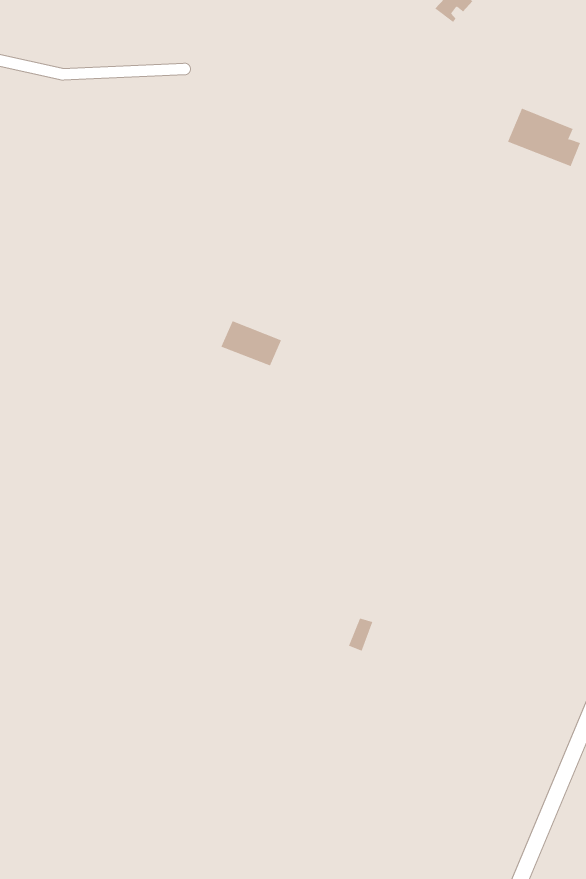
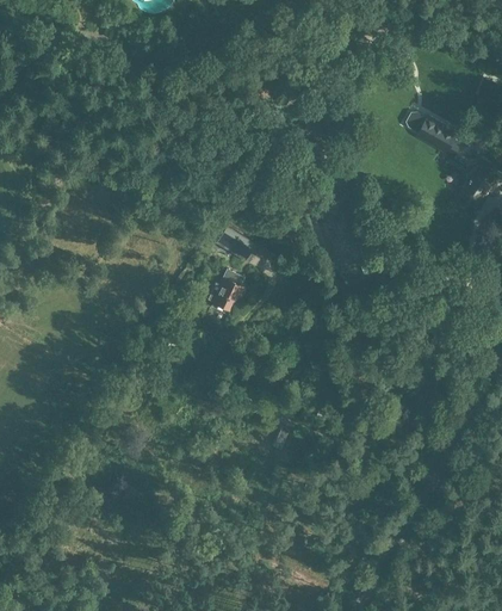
building: none -> [210,274,242,308]

